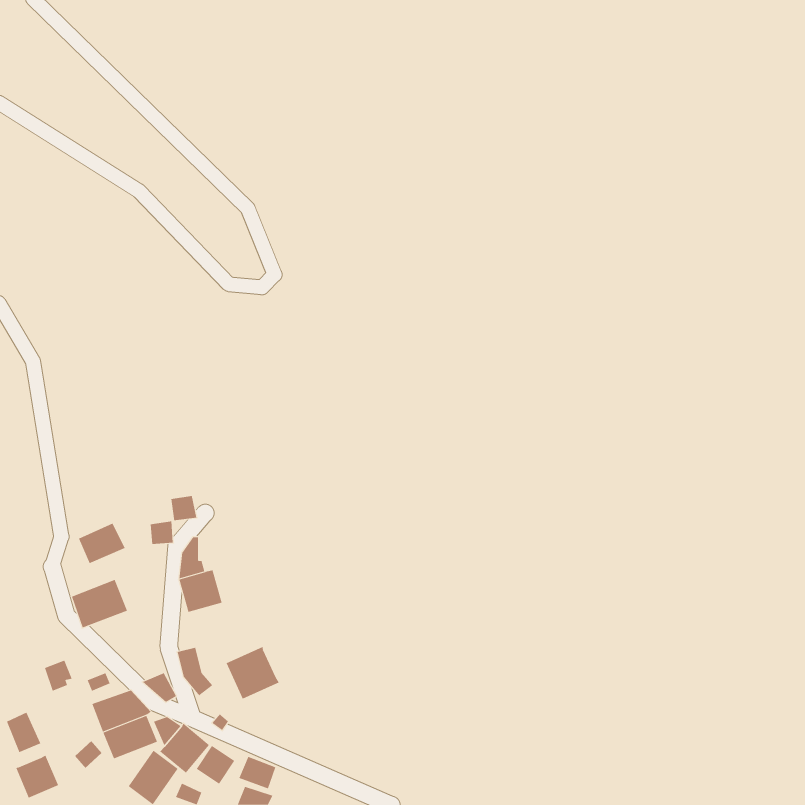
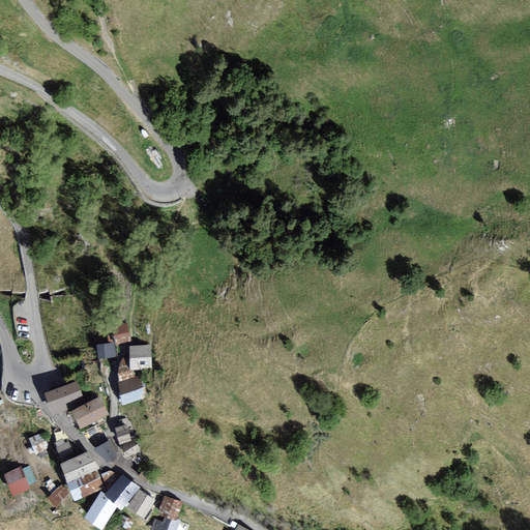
building: [78,523,126,564] -> [73,398,105,424]
building: none -> [129,345,151,367]
building: [226,646,279,699] -> none
building: [15,754,59,798] -> none

